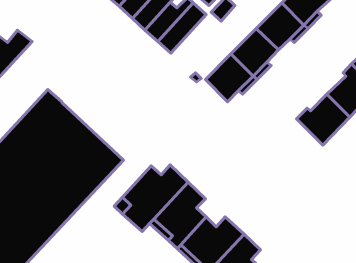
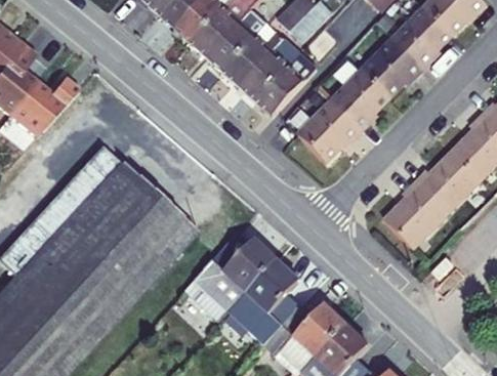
building: none -> [255,52,317,117]
building: none -> [383,182,445,247]

